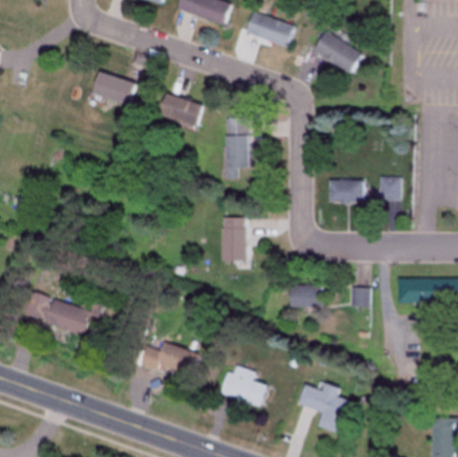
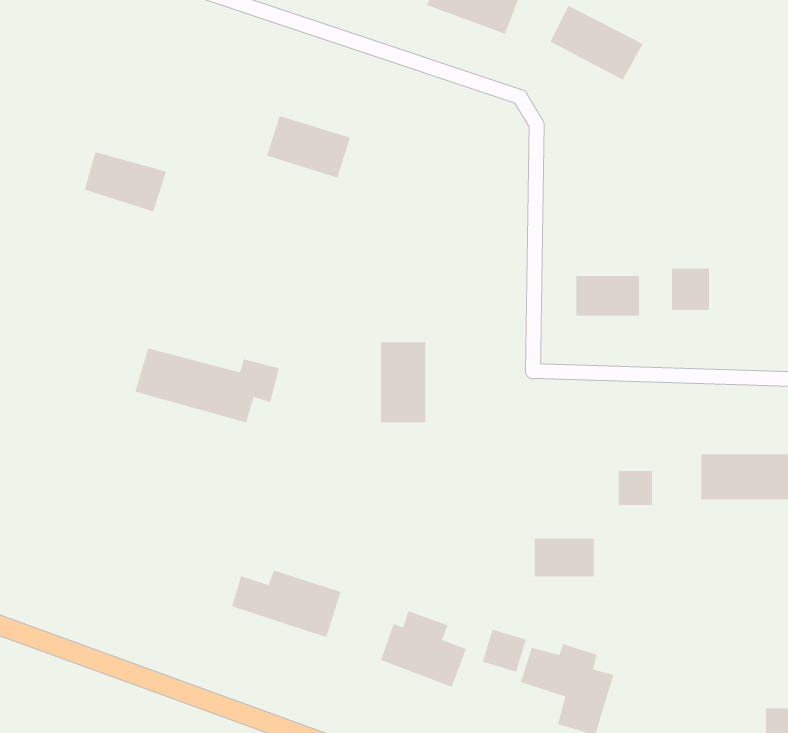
building: [92,73,138,106] -> [84,151,167,212]
building: [226,117,250,179] -> none
building: [289,287,323,308] -> [534,538,595,577]
building: [22,293,102,335] -> [134,348,280,423]
building: none -> [482,629,527,673]

